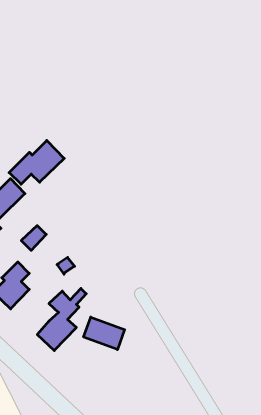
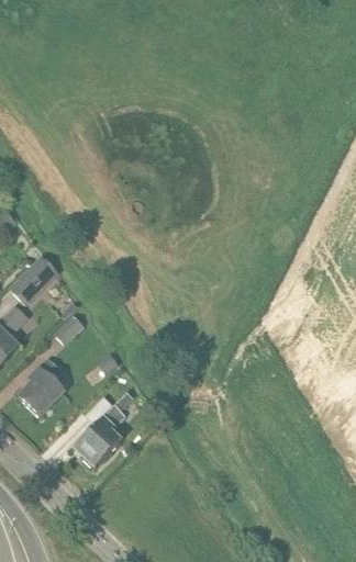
building: [9,140,64,184] -> none
building: [84,317,125,350] -> none

